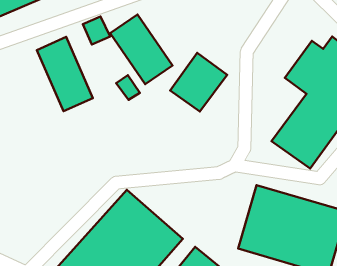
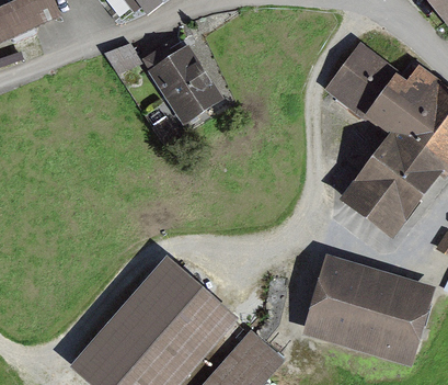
building: [37,37,93,111] -> none
building: [170,53,227,112] -> [323,45,394,118]

